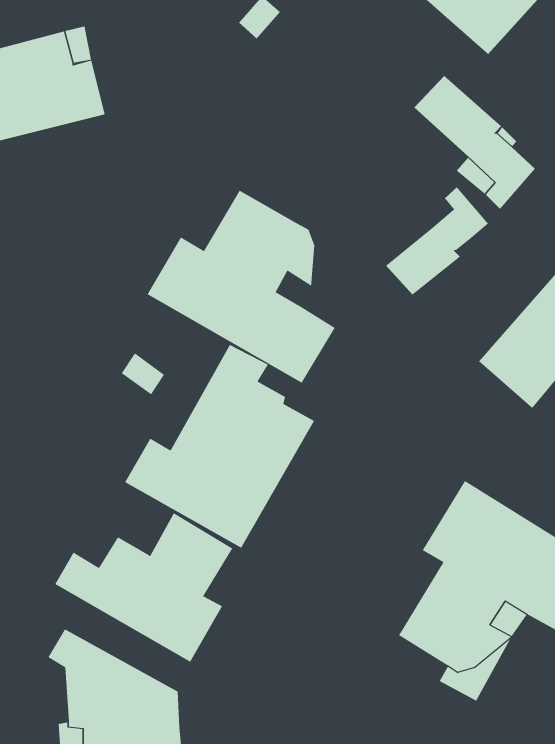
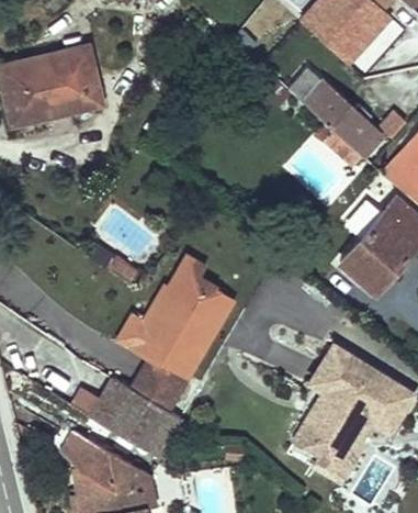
building: [385,187,489,295] -> none
building: [147,190,336,384] -> none

